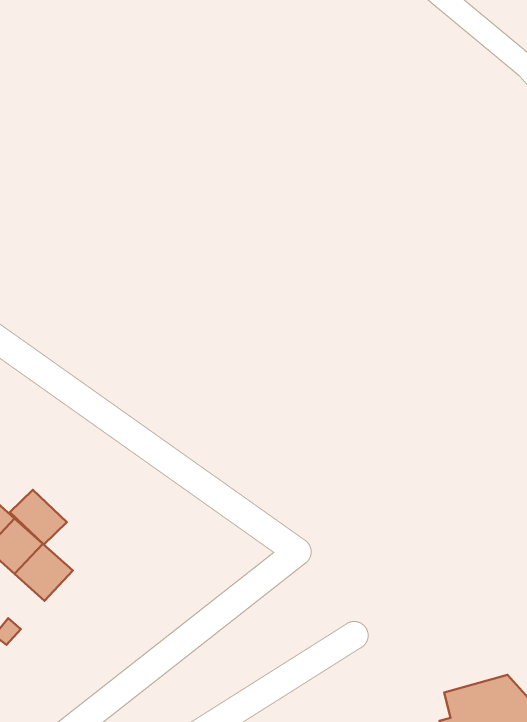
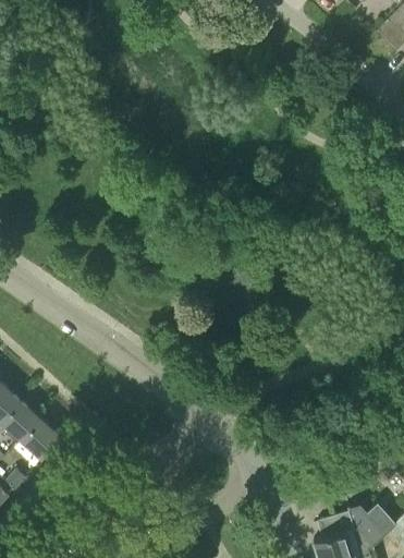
building: [10,490,67,545] -> none

